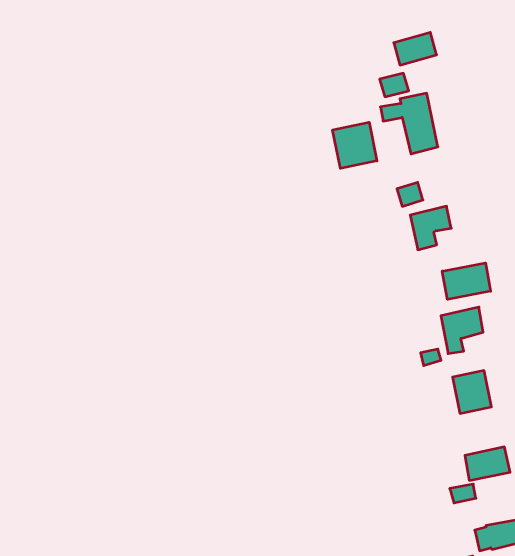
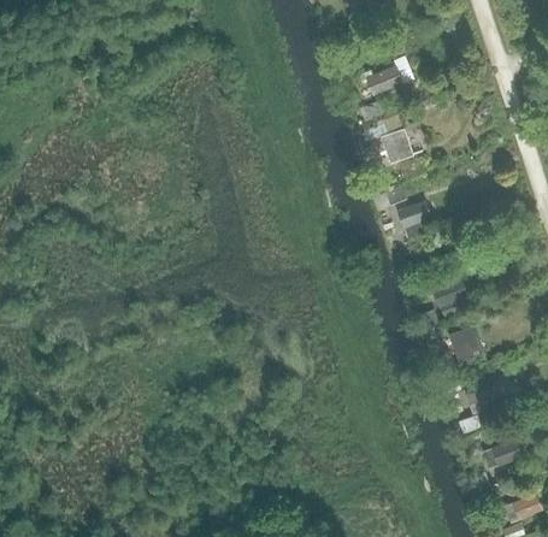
building: [333,122,377,168] -> none
building: [442,263,491,299] -> none

